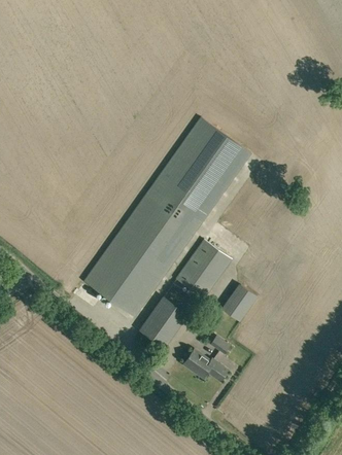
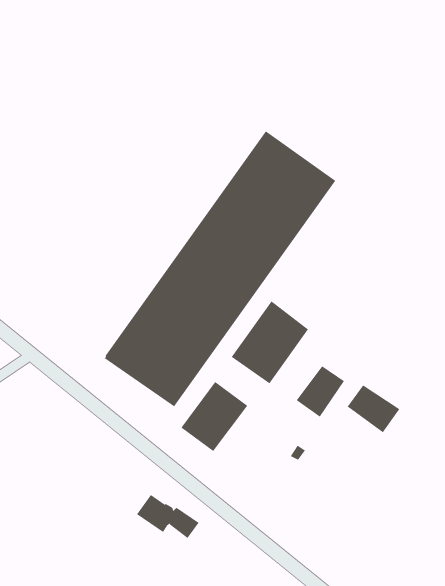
building: none -> [347,384,400,433]
building: [182,350,228,382] -> [136,494,199,539]

